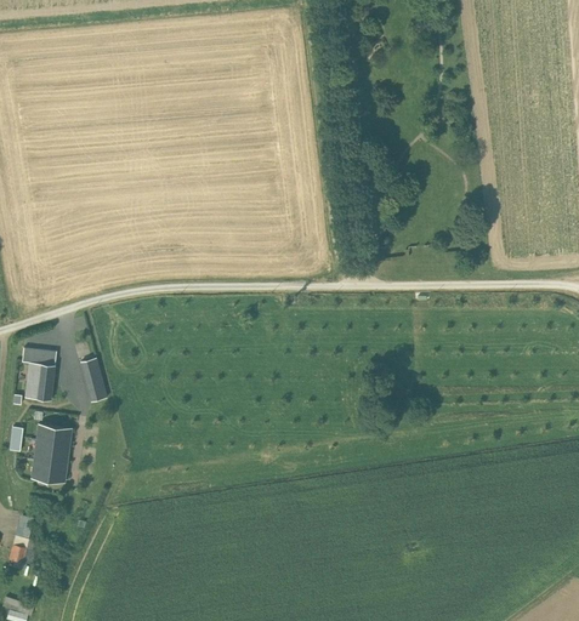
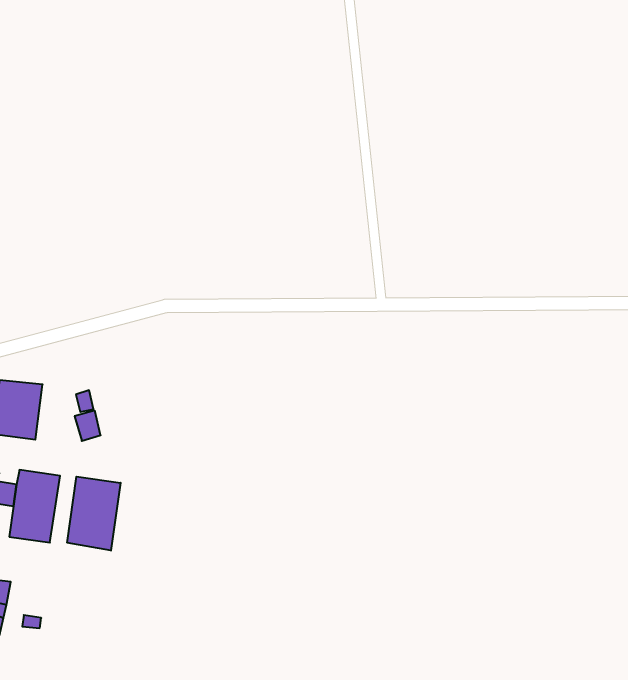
building: none -> [67,477,121,551]

